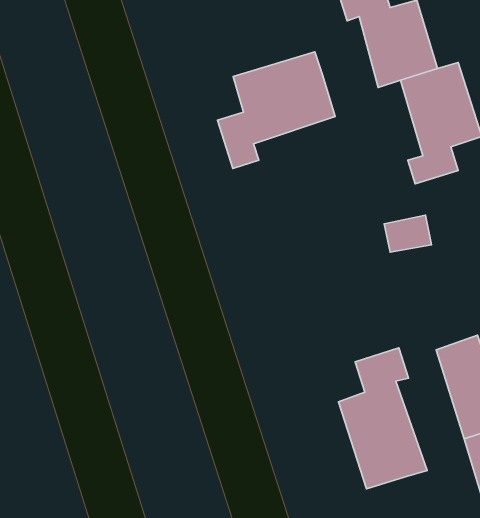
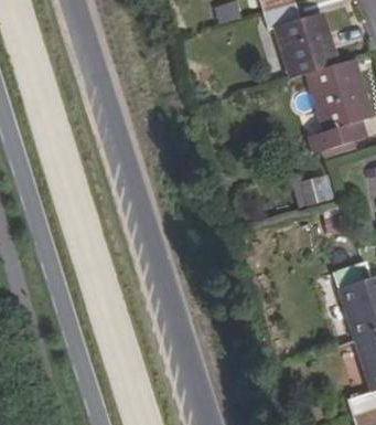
building: [218,52,335,168] -> none
building: [338,348,427,489] -> none

